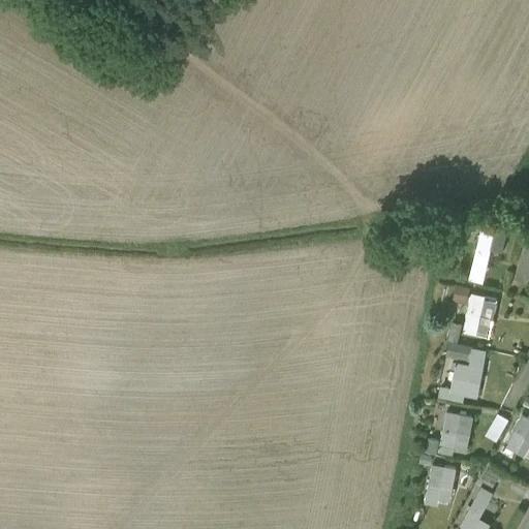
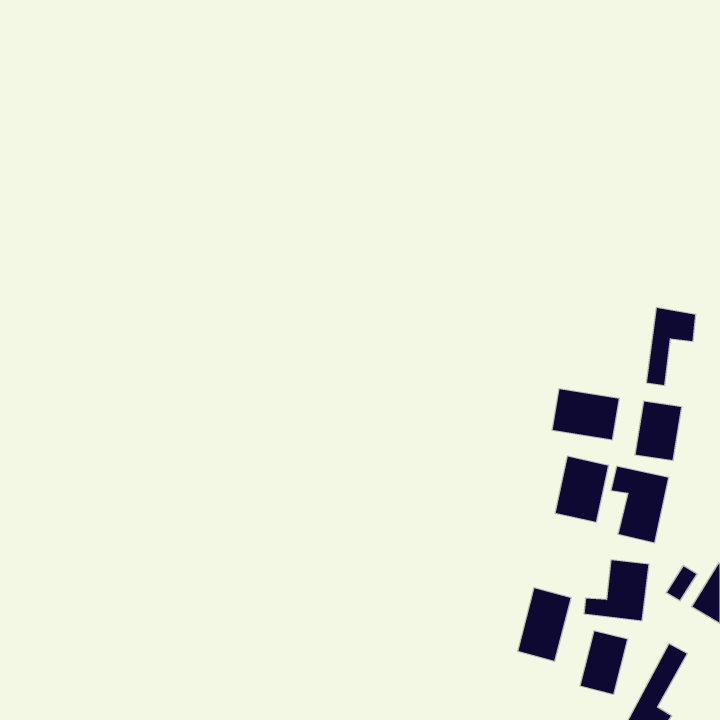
building: none -> [552,389,619,440]
building: none -> [555,456,609,522]
building: none -> [518,587,571,661]

